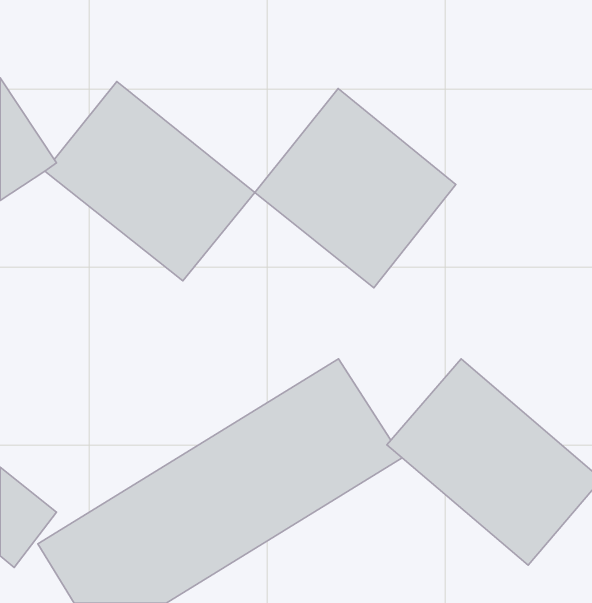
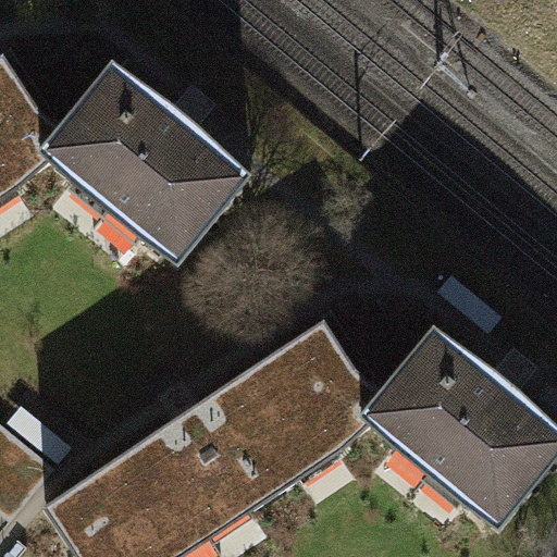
building: [255,88,456,288] -> none

